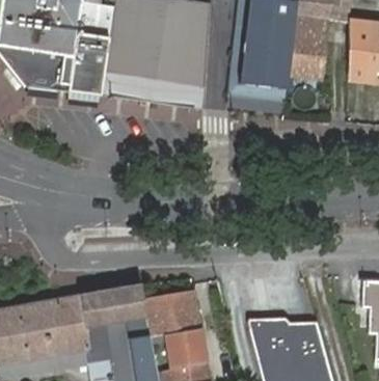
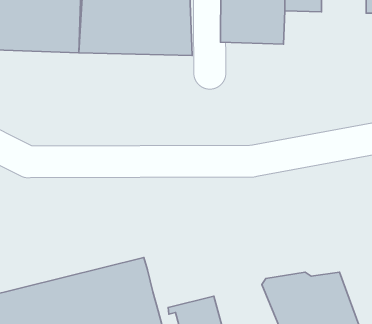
building: [142,289,200,335] -> none

